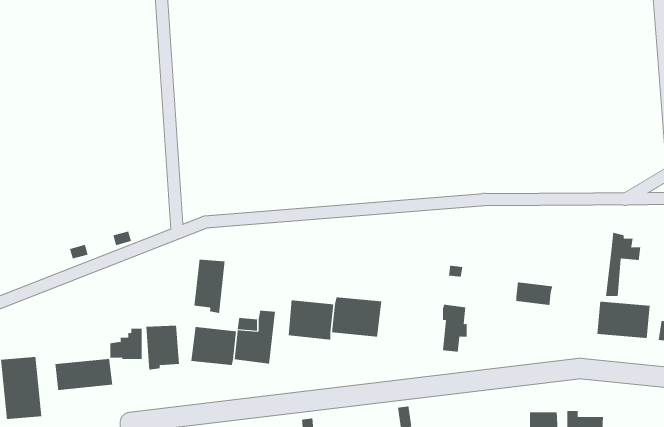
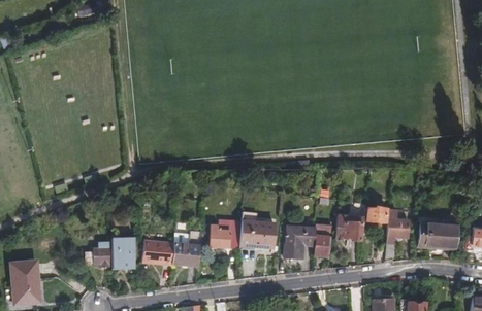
building: [605,232,641,296] -> [386,215,411,260]
building: [194,259,225,314] -> none
building: none -> [336,215,366,241]
building: none -> [283,224,316,255]
building: [55,358,113,391] -> none

